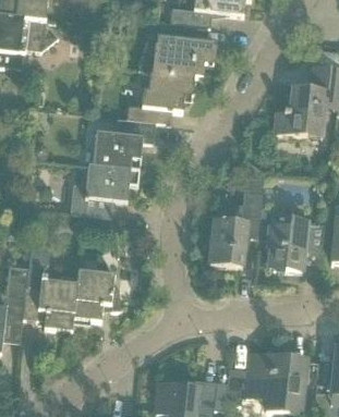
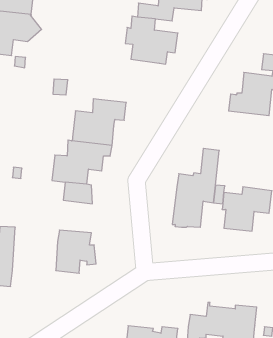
building: [128,70,194,122] -> none
building: [24,245,76,329] -> none

